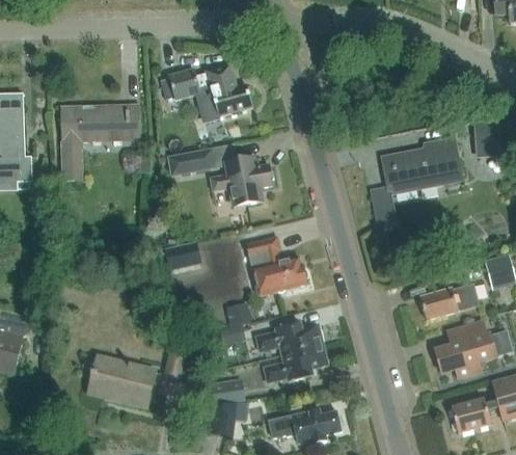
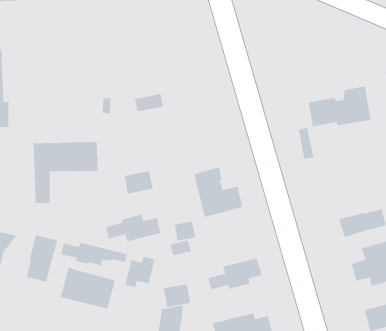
building: [160,62,251,118] -> none
building: [61,105,139,179] -> [33,141,98,203]
building: [212,156,271,202] -> none
building: none -> [26,234,58,283]
building: [256,321,323,354] -> [105,214,161,242]
building: none -> [60,242,128,266]

